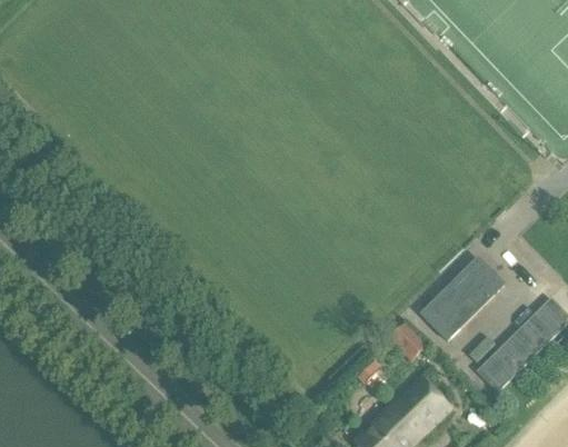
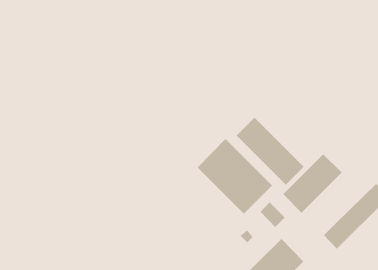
building: none -> [236,117,305,185]
building: none -> [197,138,273,215]

